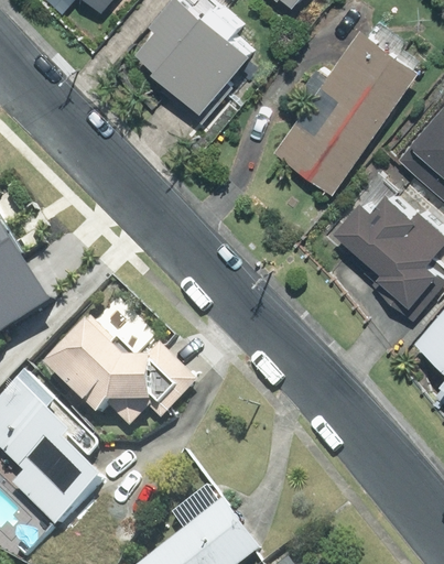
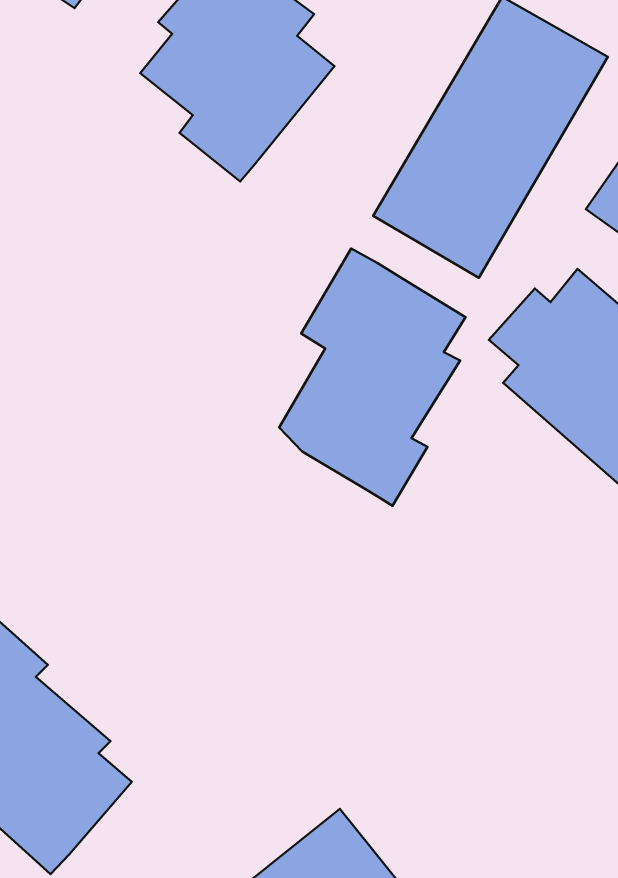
building: none -> [279,248,466,506]
building: [45,314,158,426] -> none

